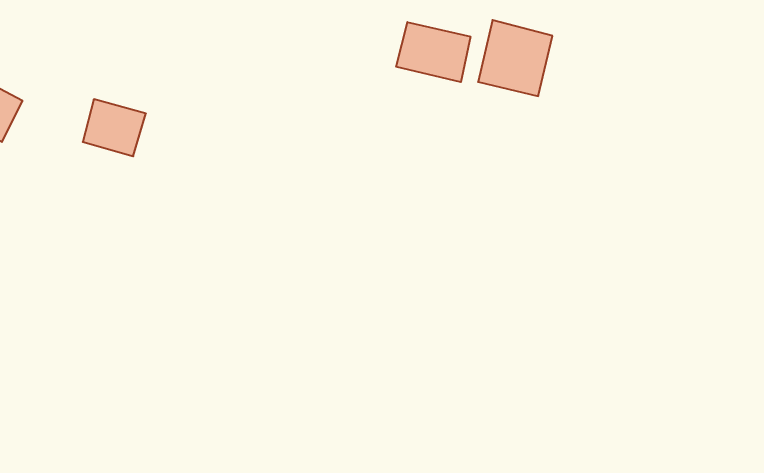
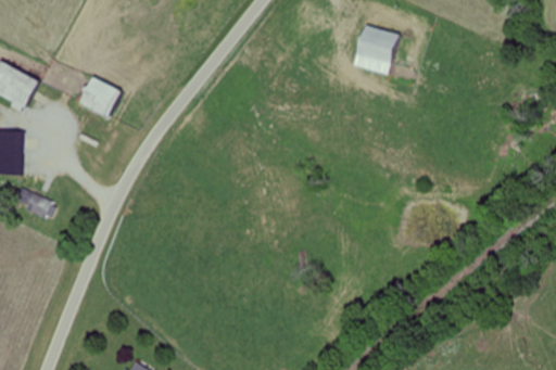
building: [396,22,470,82] -> none
building: none -> [27,192,58,219]

